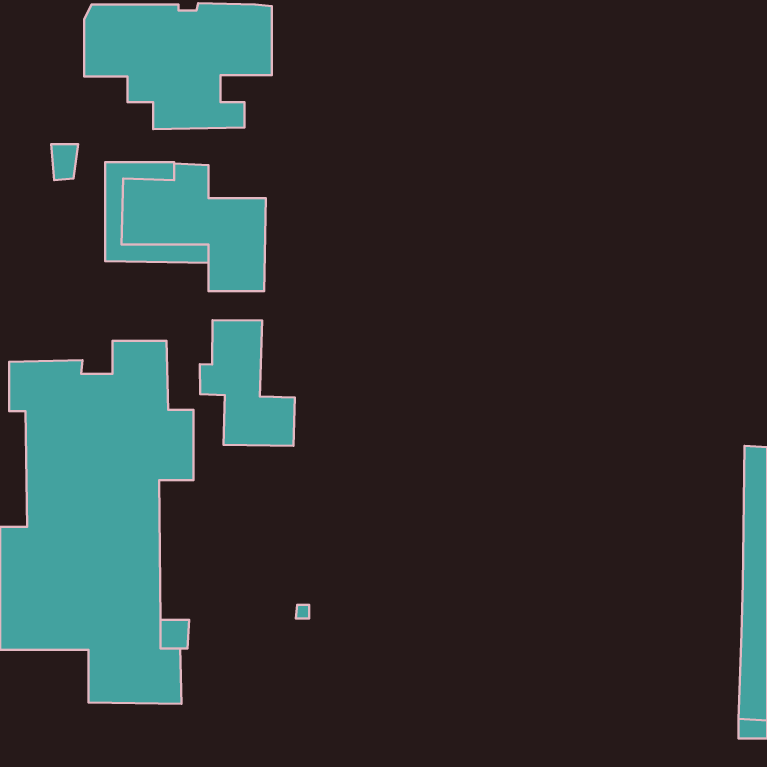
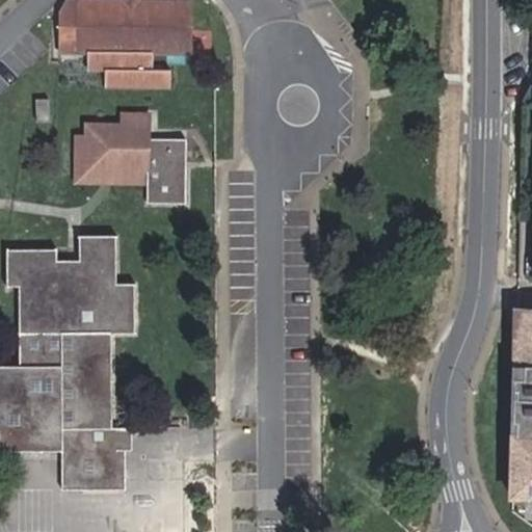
building: [200,320,295,446] -> none

